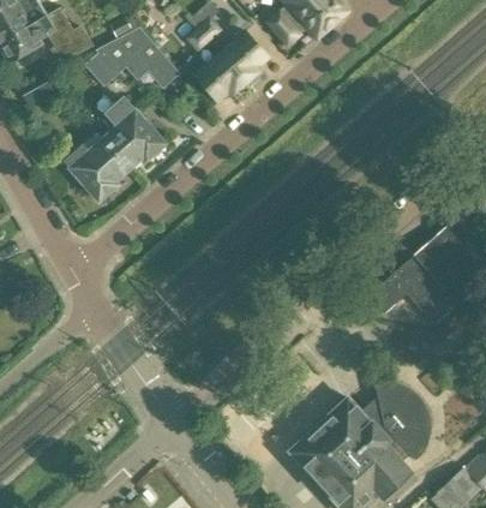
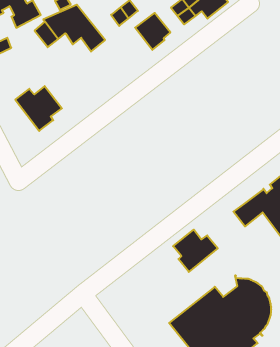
building: [194,54,245,102] -> none
building: [102,98,163,169] -> none
building: none -> [173,230,218,272]

